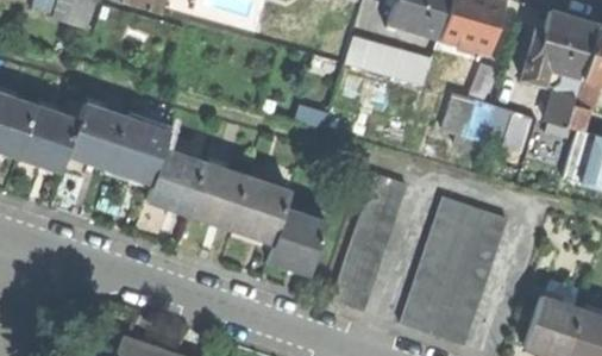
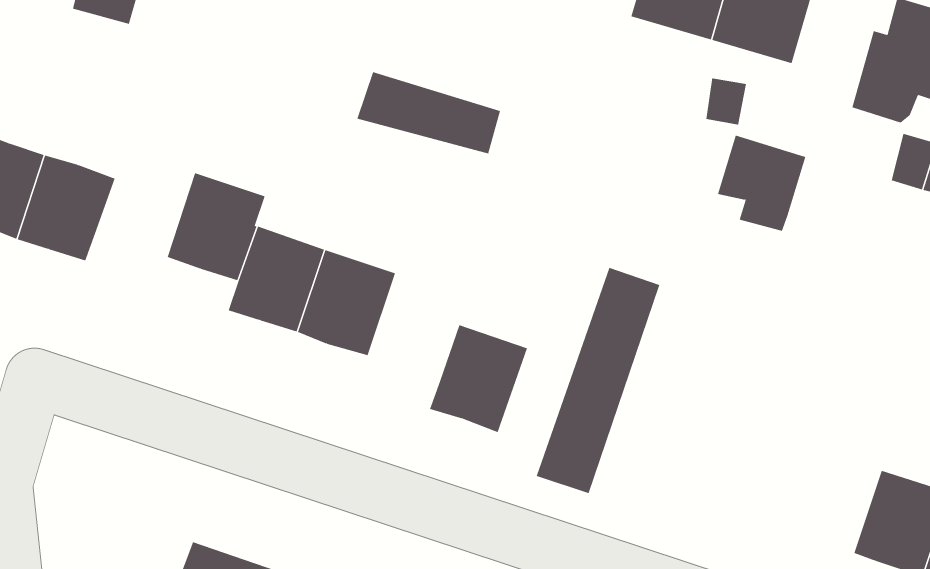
building: [344,35,431,85] -> [357,71,501,154]
building: [67,102,126,167] -> none
building: [484,106,529,151] -> none
building: [231,176,290,242] -> none
building: [401,196,507,344] -> none

